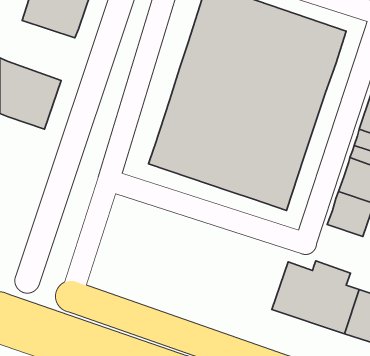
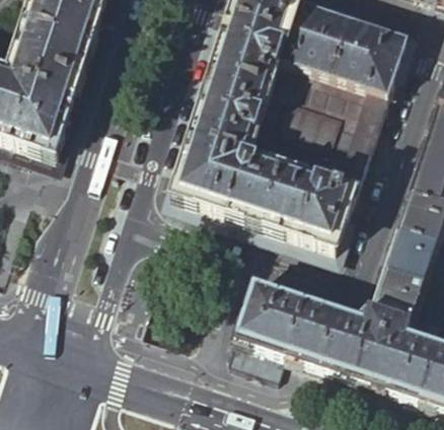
building: none -> [10,28,88,98]
building: none -> [370,267,425,324]
building: none -> [235,282,338,366]

